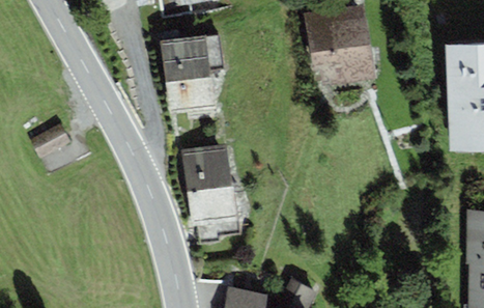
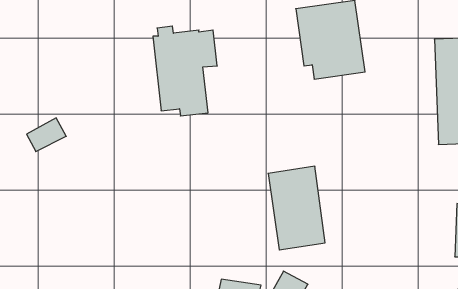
building: [181,144,239,229] -> [268,166,325,250]

